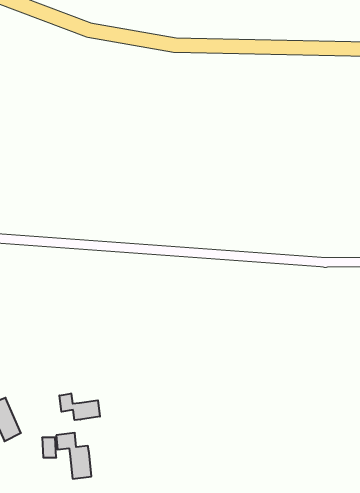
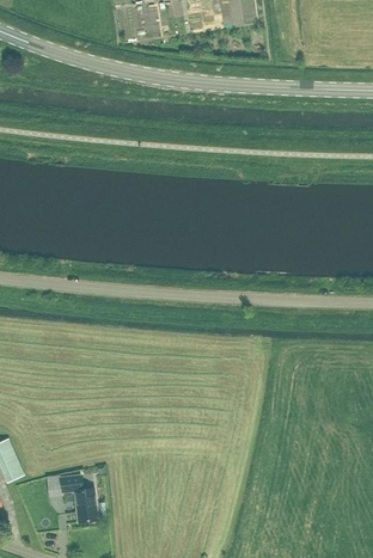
building: [59,393,100,420] -> none

